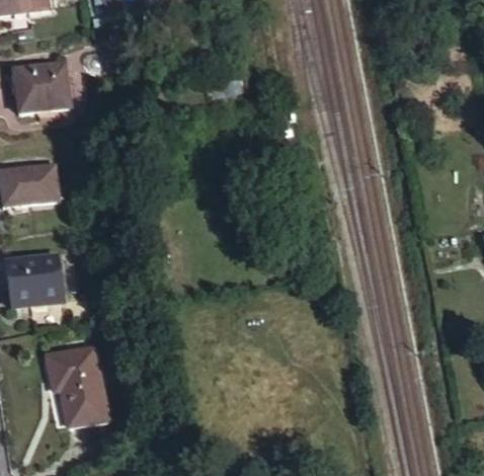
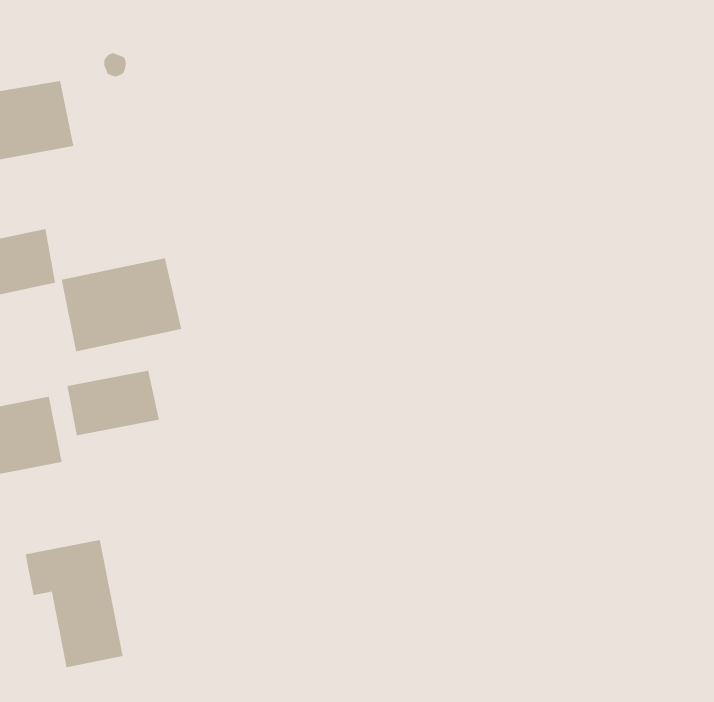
building: none -> [61,257,182,352]
building: none -> [67,370,160,436]

